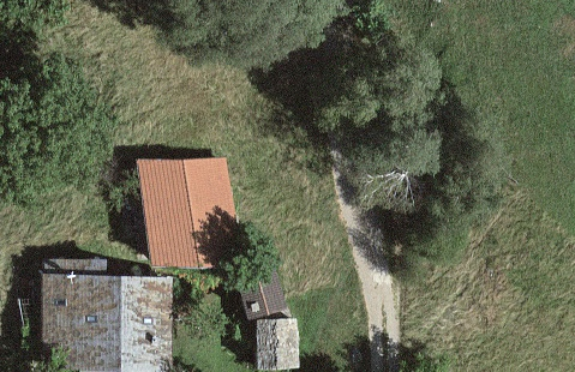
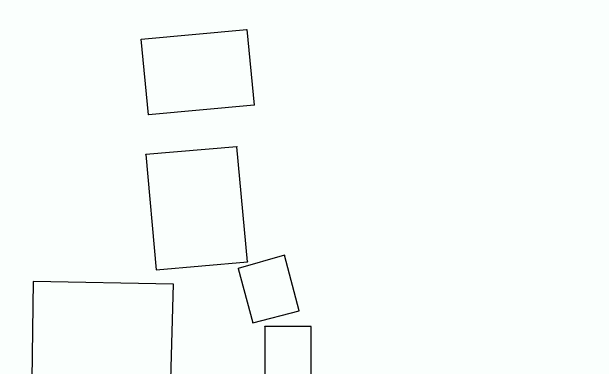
building: none -> [141,30,254,115]

